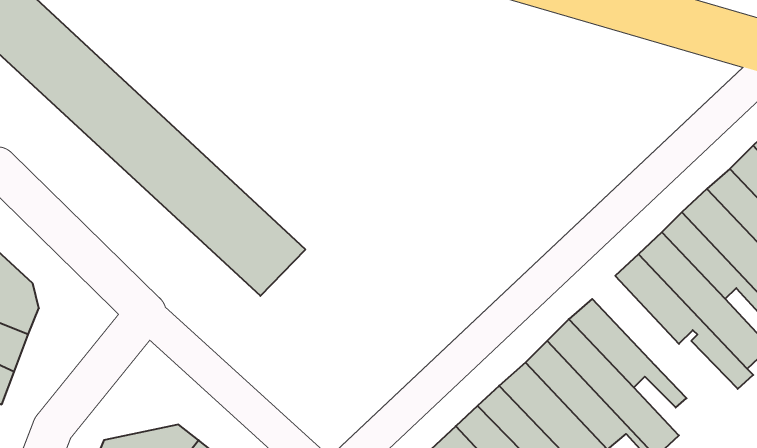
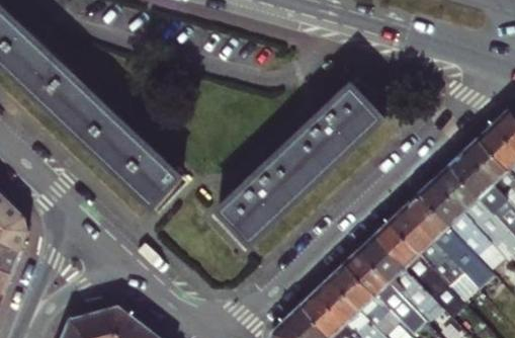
building: none -> [221,82,389,241]
building: none -> [388,208,463,280]

